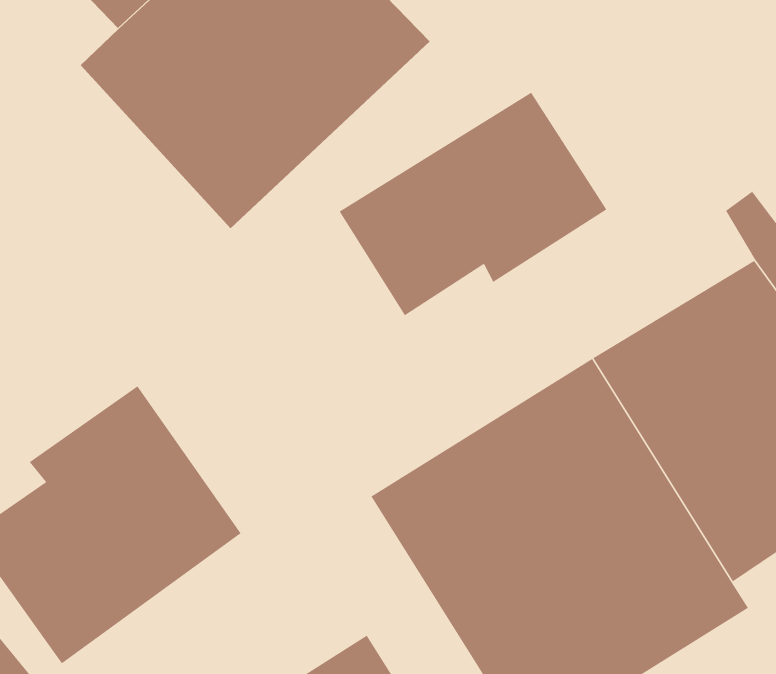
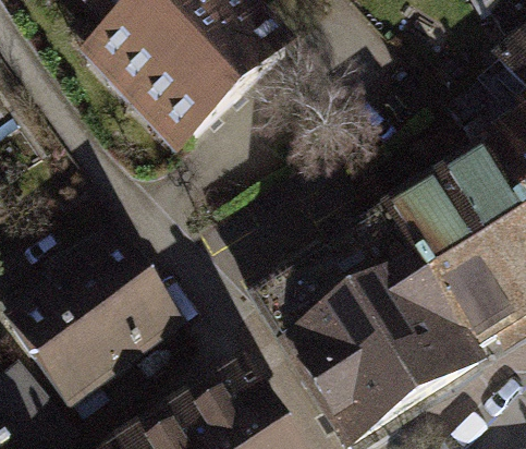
building: [339,92,607,316] -> none

